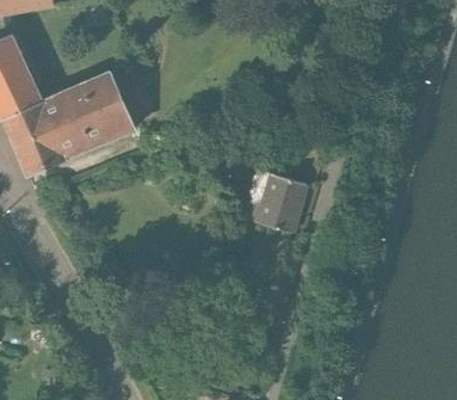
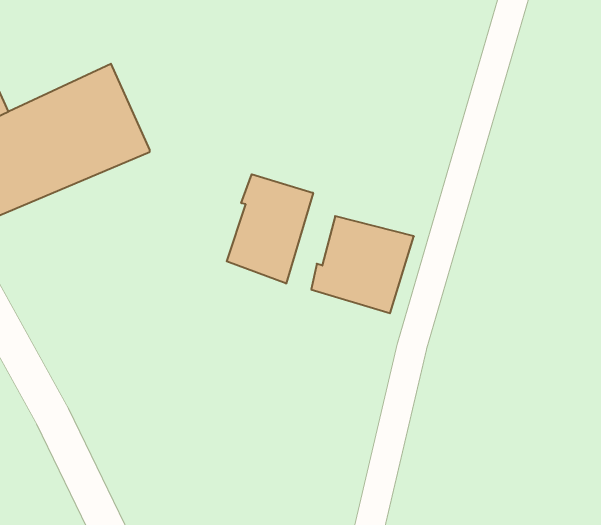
building: none -> [227,174,313,284]

